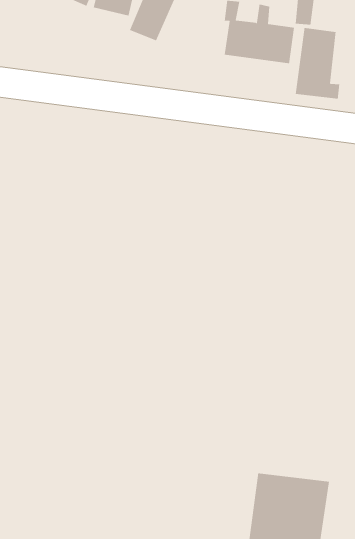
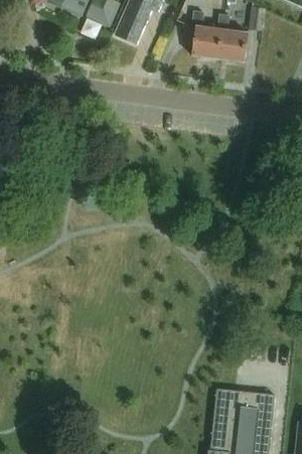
building: [295,27,340,100] -> none

